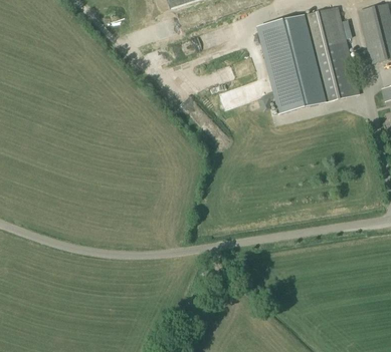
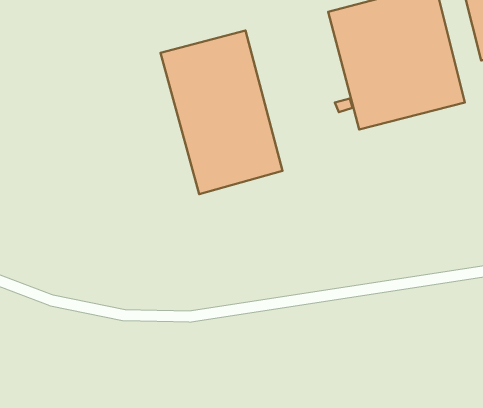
building: none -> [161,31,283,194]

